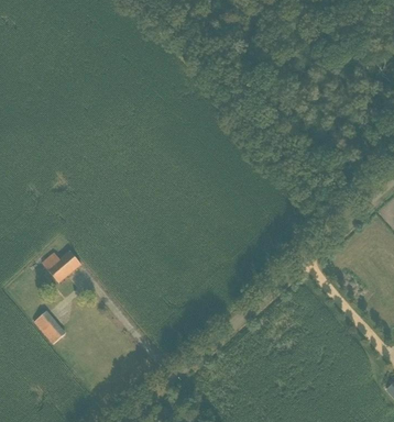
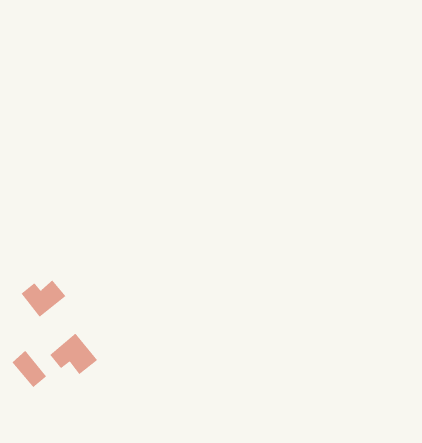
building: none -> [49,333,98,375]

